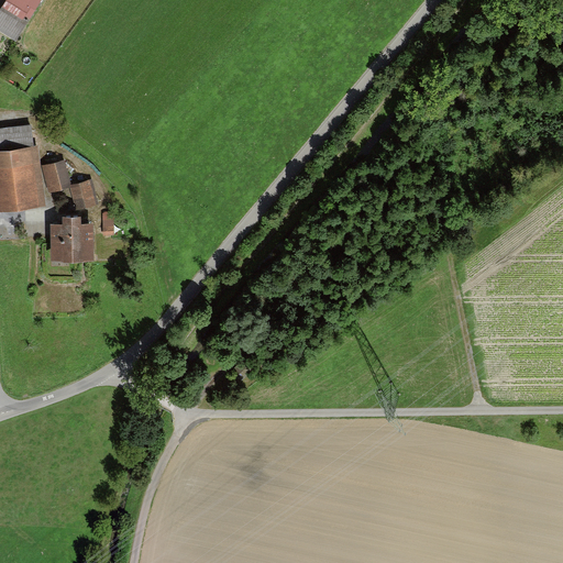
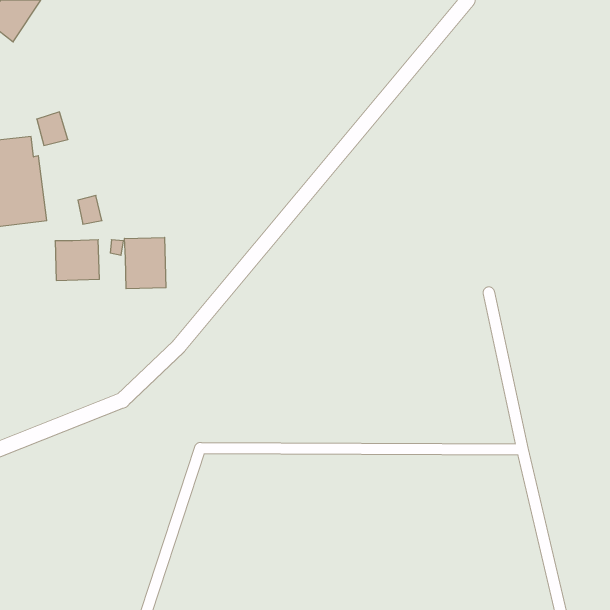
building: [41,161,69,191] -> [37,112,68,145]
building: none -> [125,237,166,289]

